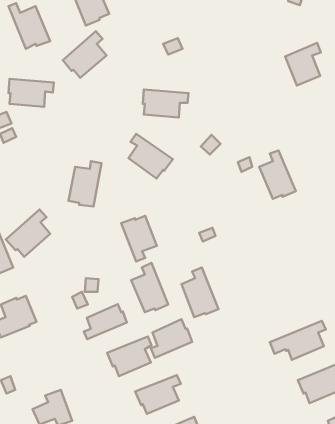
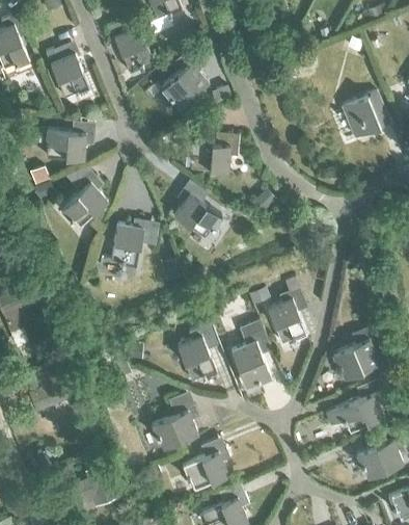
building: [63,31,106,78] -> [162,56,209,106]
building: [259,150,296,199] -> [268,291,307,343]
building: [6,210,50,257] -> [60,176,108,227]
building: [121,216,157,262] -> none
building: none -> [333,335,381,378]
building: [84,304,127,339] -> none
building: [151,319,192,358] -> none

